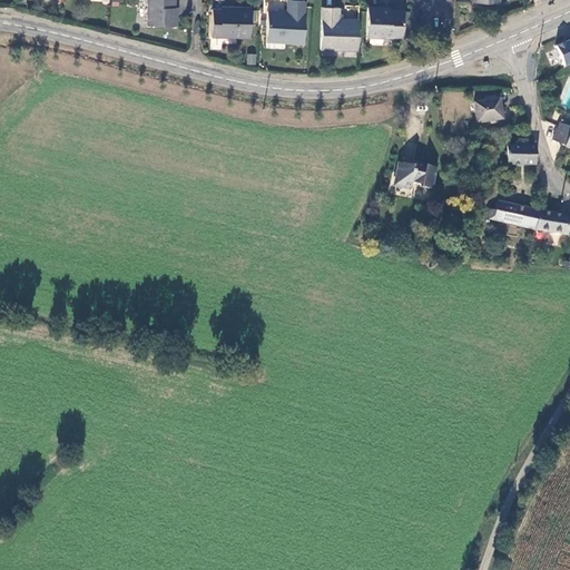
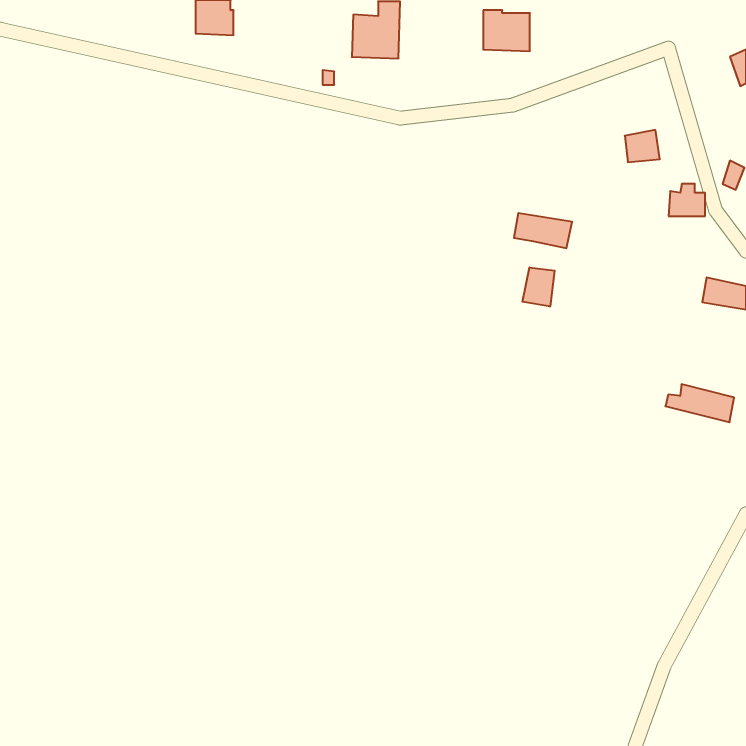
building: [212,7,252,37] -> none
building: [322,8,360,51] -> none
building: [487,202,539,230] -> [665,384,734,422]
building: none -> [522,267,555,307]

